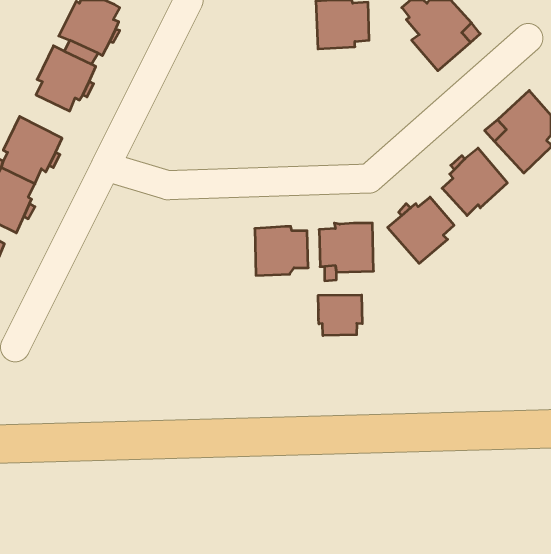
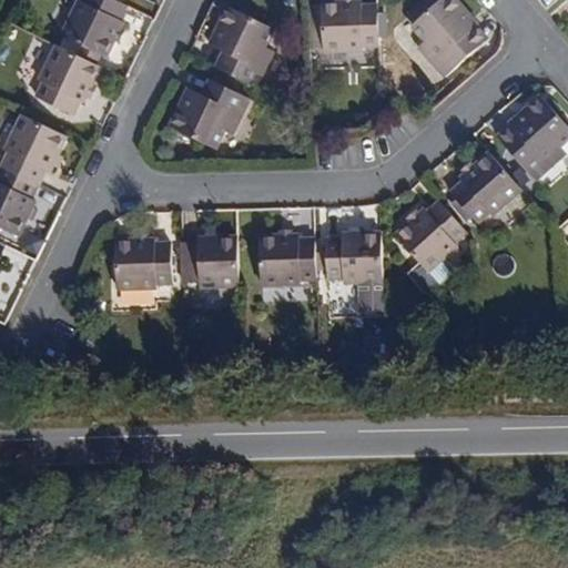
building: none -> [206,8,271,89]
building: none -> [166,80,247,150]
building: none -> [179,236,236,285]
building: none -> [115,241,171,292]
building: [318,295,362,336] -> none

